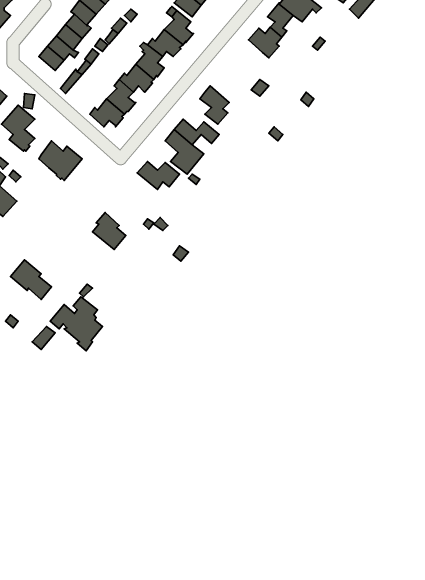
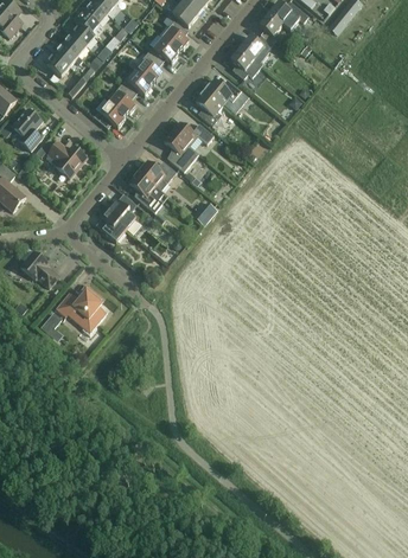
building: none -> [230,47,260,79]
building: none -> [204,79,241,105]
building: none -> [128,171,155,207]
building: none -> [107,193,135,229]

